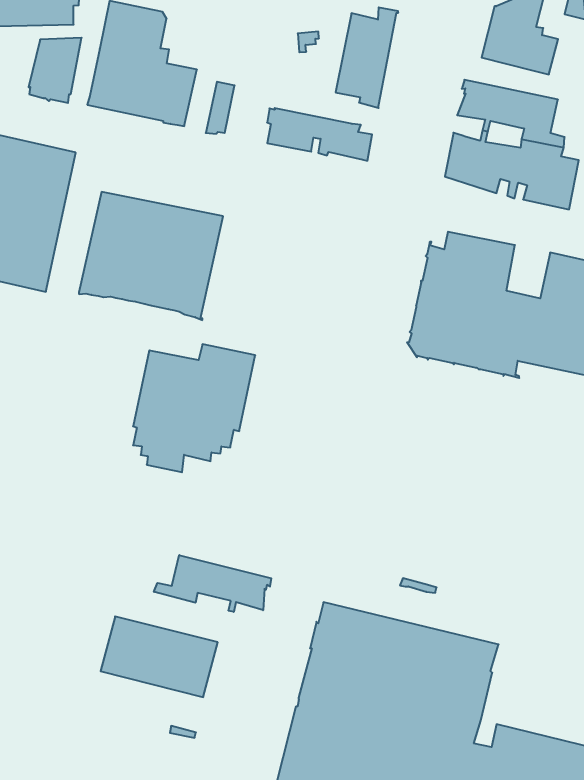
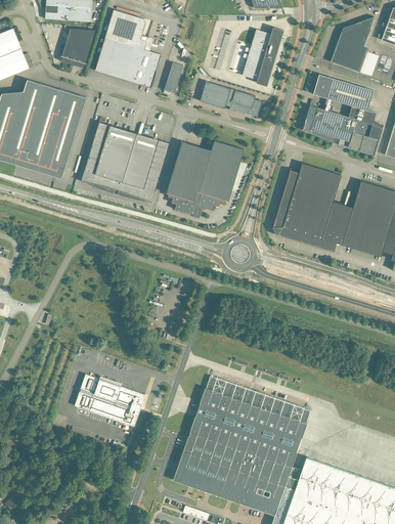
building: [133,344,255,472] -> [167,140,244,215]
building: [154,555,271,612] -> none

